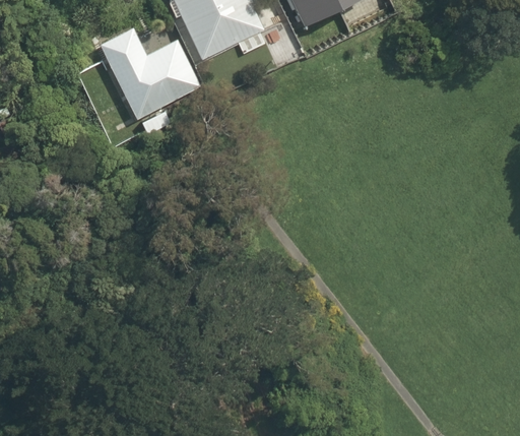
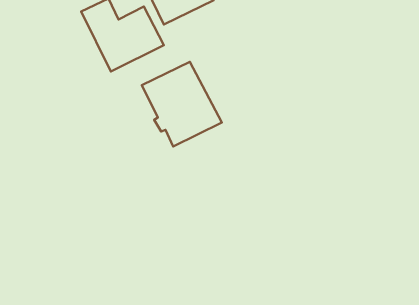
building: none -> [142,62,222,146]

